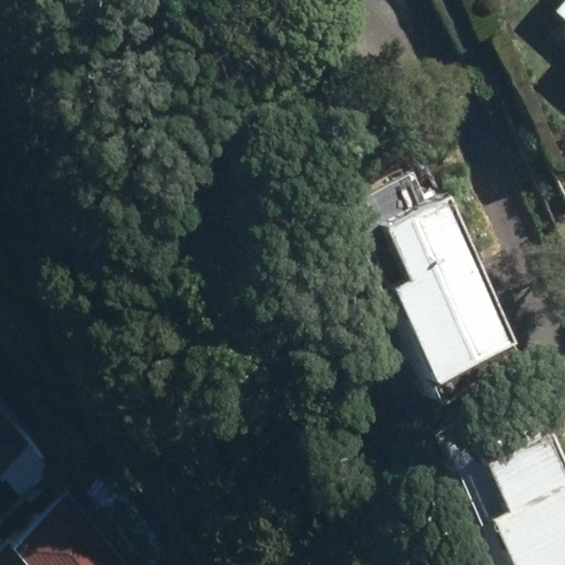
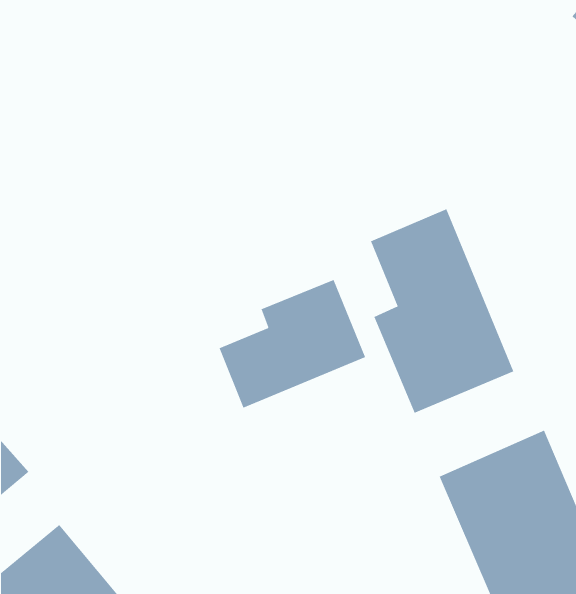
building: none -> [219,279,366,408]

